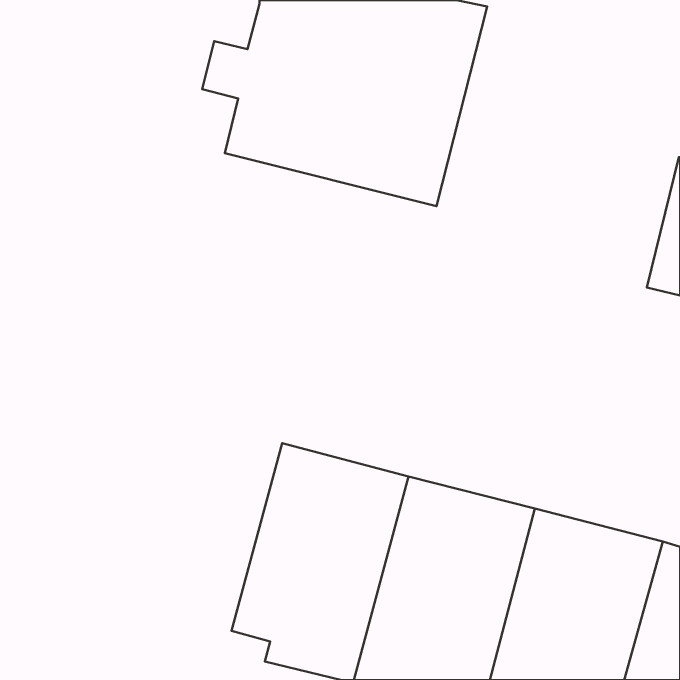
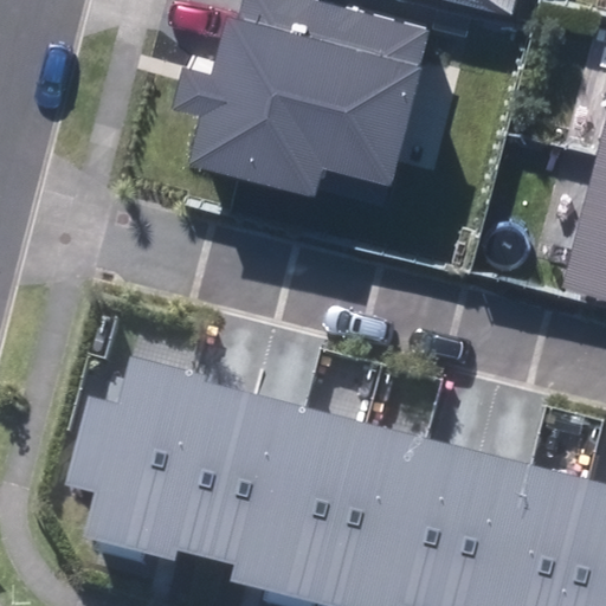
building: none -> [71,365,251,568]

